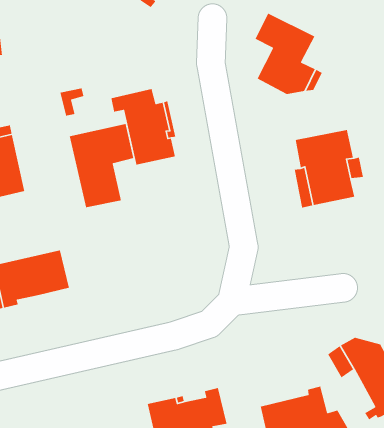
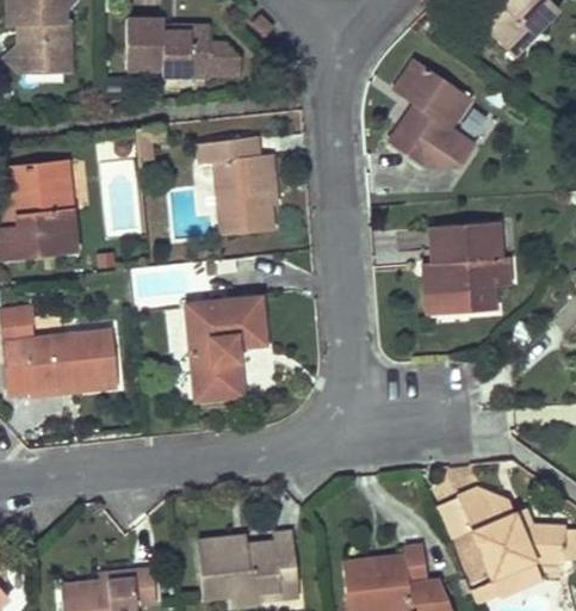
building: none -> [126,18,240,76]
building: [69,123,134,208] -> [186,297,266,400]

